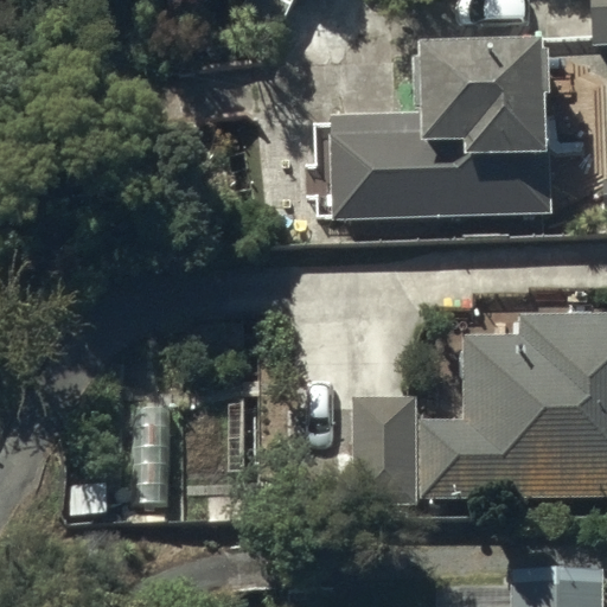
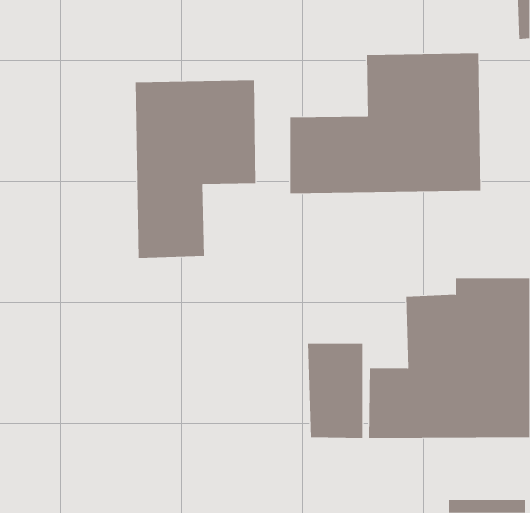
building: none -> [135,80,256,259]

